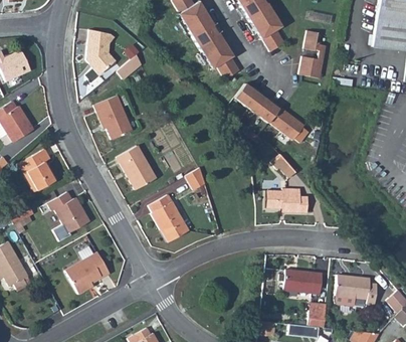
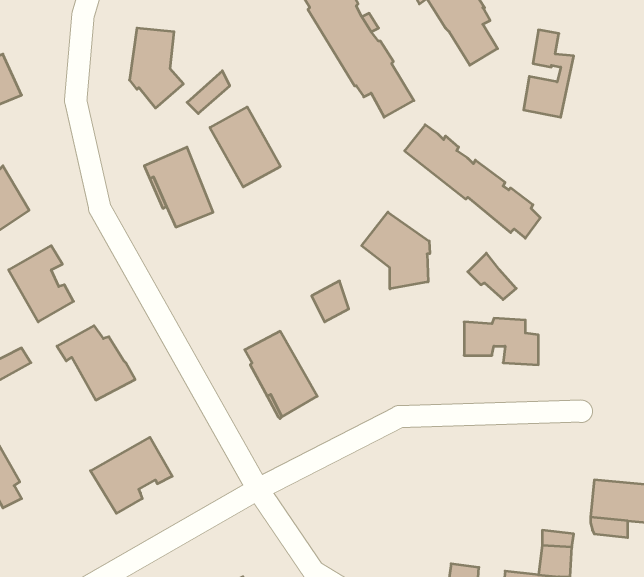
building: none -> [362,212,430,289]
building: [118,146,156,189] -> [210,107,280,187]
building: [283,271,323,295] -> none

